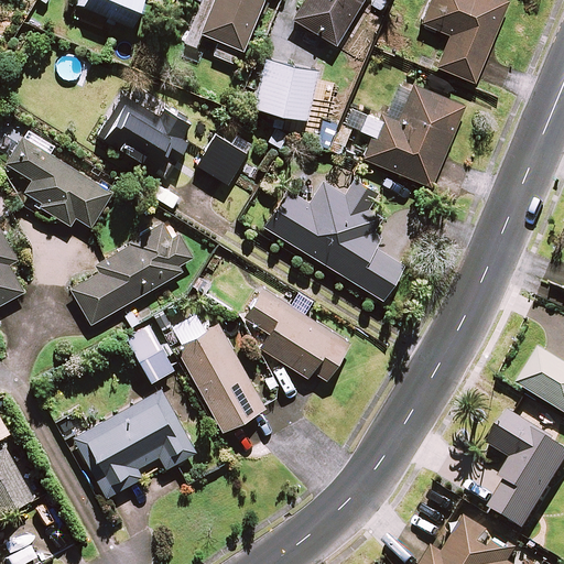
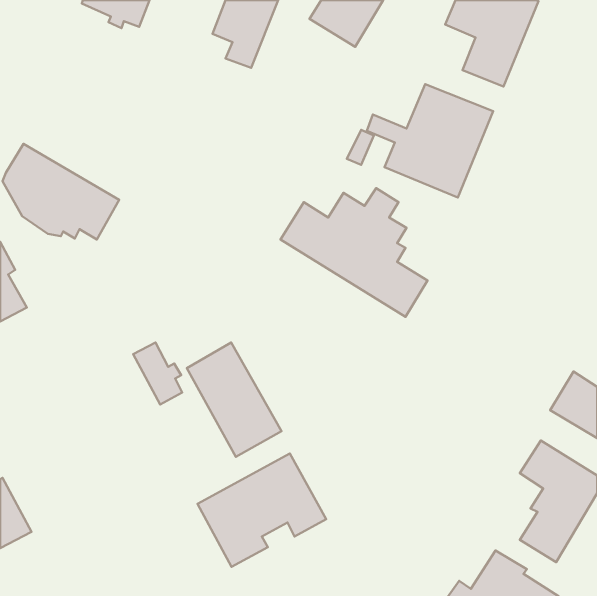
building: [254,59,317,120] -> none
building: [99,94,189,169] -> none
building: [197,137,245,183] -> none
building: [69,223,188,324] -> none
building: [243,290,348,379] -> none
building: [74,390,195,497] -> [198,454,326,567]

